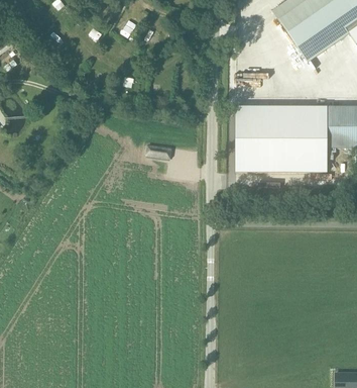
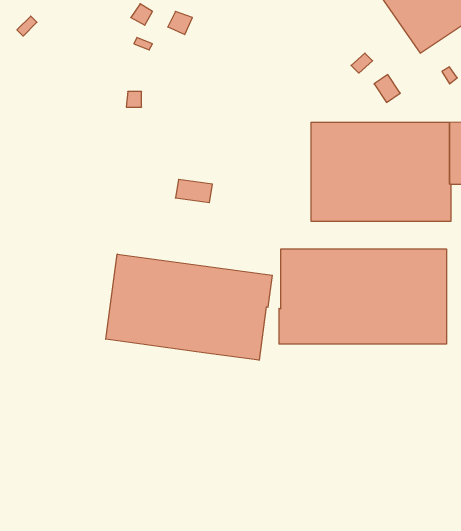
building: none -> [279,249,446,344]
building: none -> [106,254,272,360]

